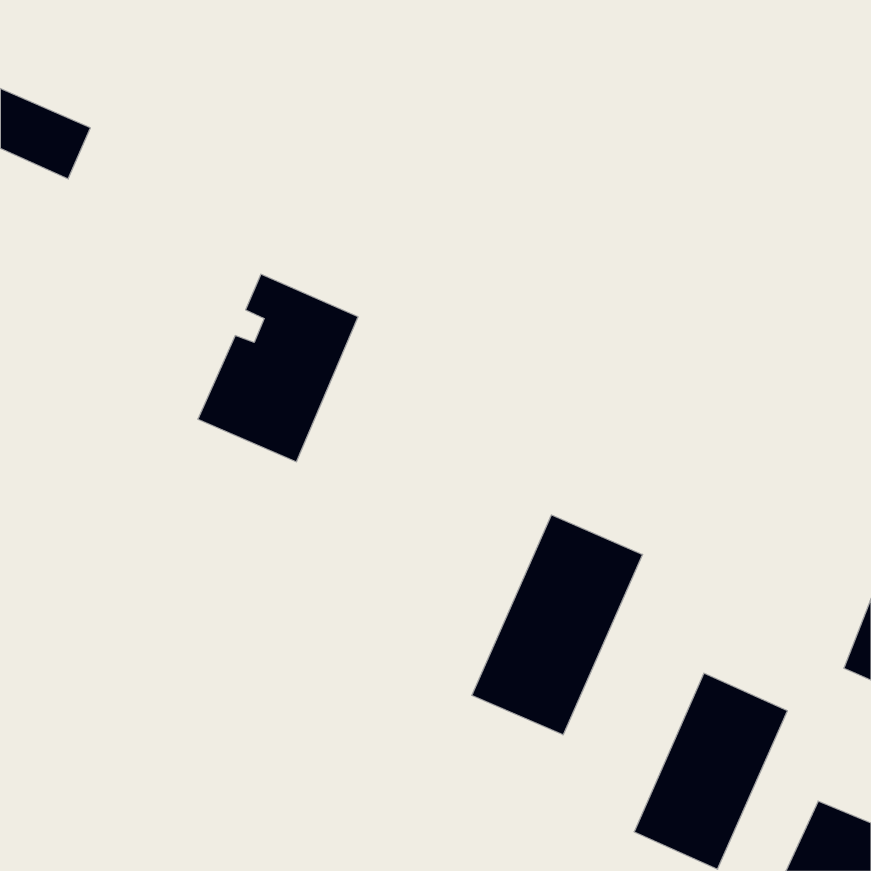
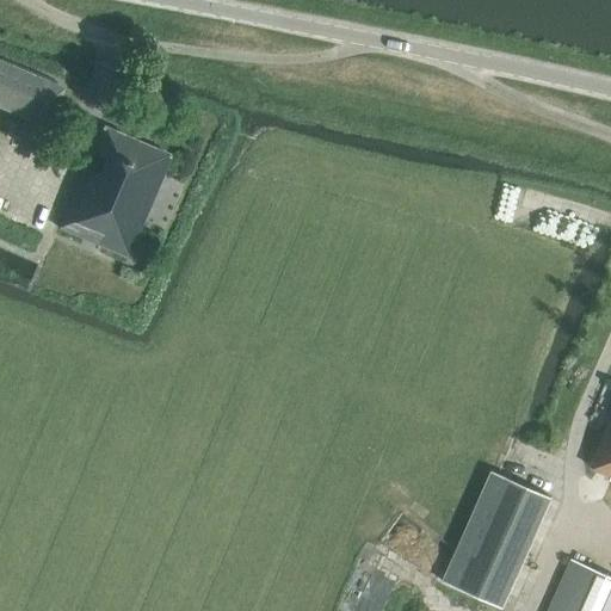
building: [198,274,358,462] -> [58,126,171,258]
building: [472,515,643,735] -> none

